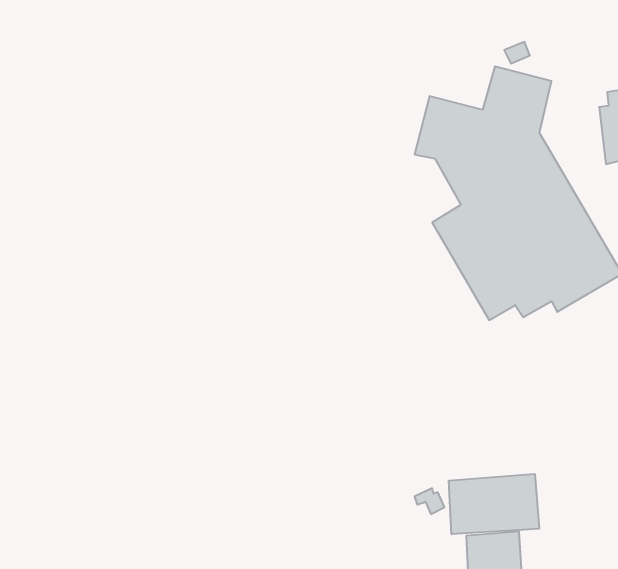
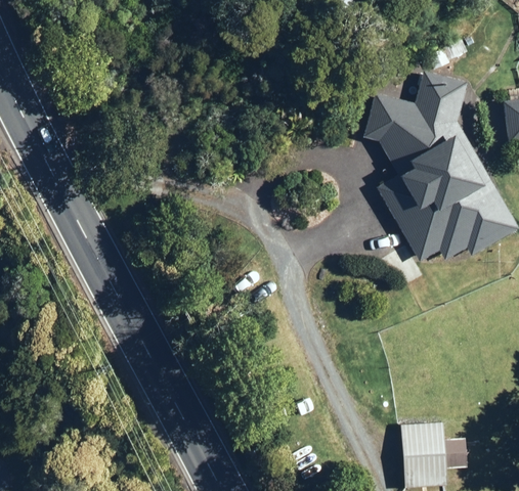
building: [449,474,539,534] -> none

